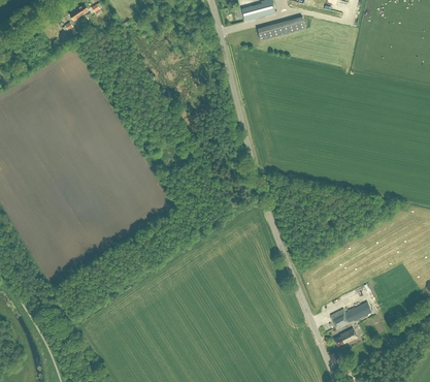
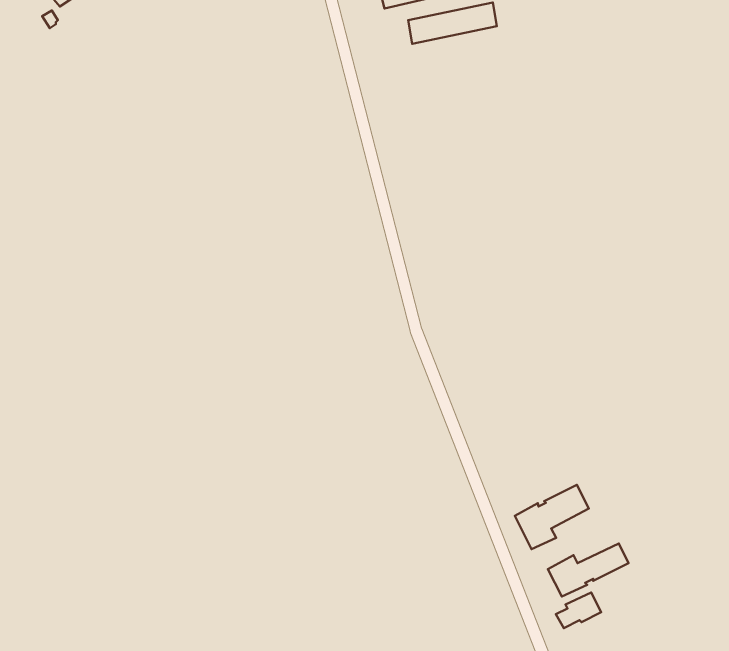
building: none -> [515,485,589,549]

